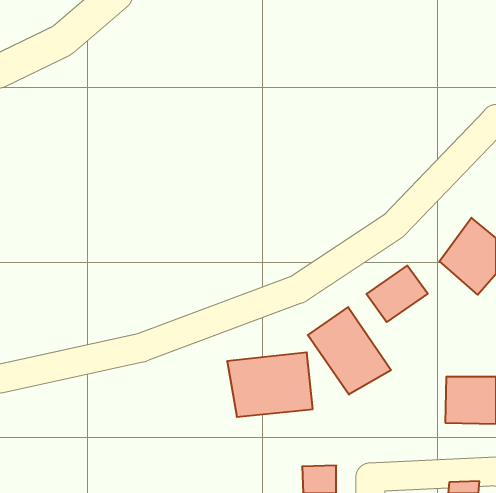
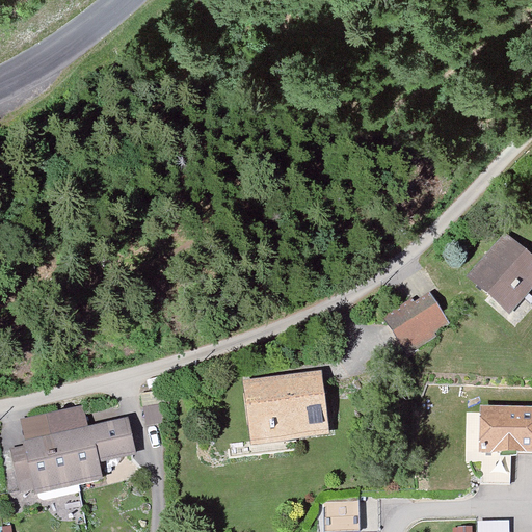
building: [308,307,391,395] -> none
building: none -> [12,405,136,494]

